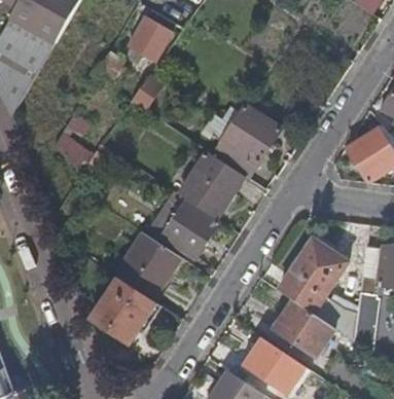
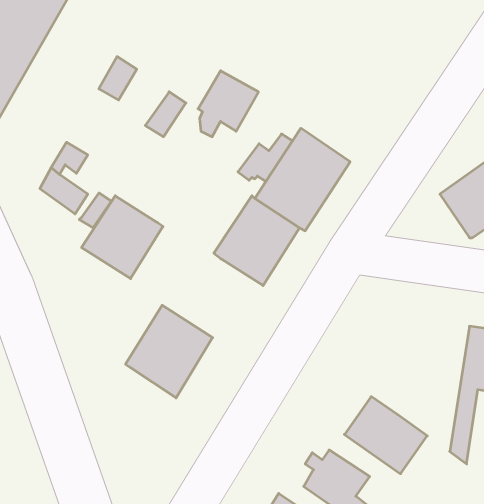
building: [127,17,171,66] -> [198,71,258,137]
building: [160,198,220,259] -> [82,196,163,279]
building: [280,239,350,313] -> none
building: [87,278,156,347] -> none

